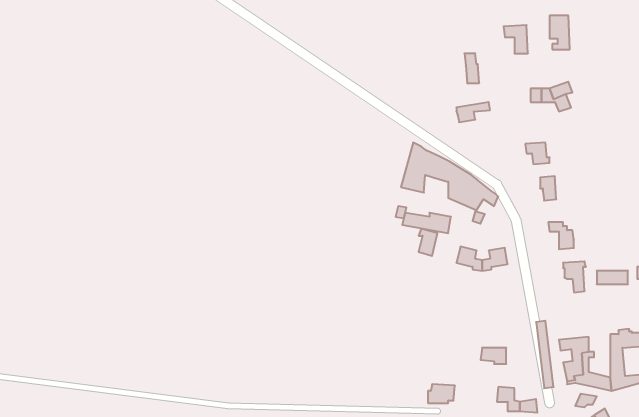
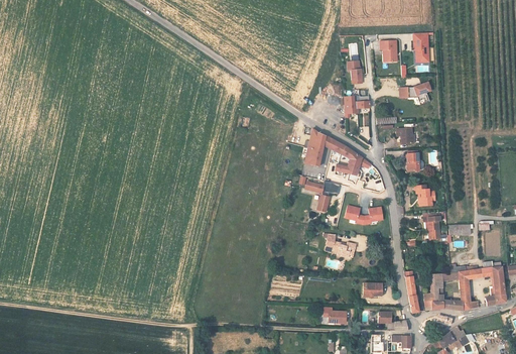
building: none -> [326,234,357,258]

